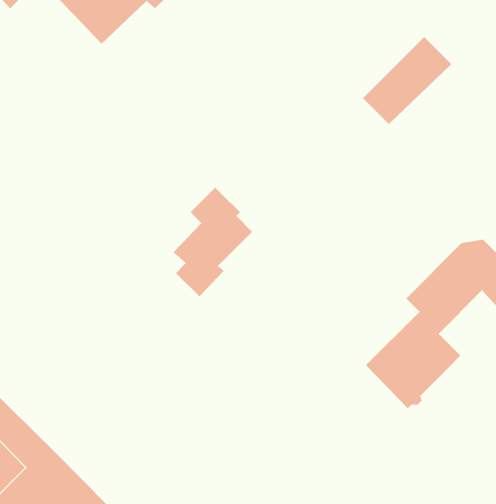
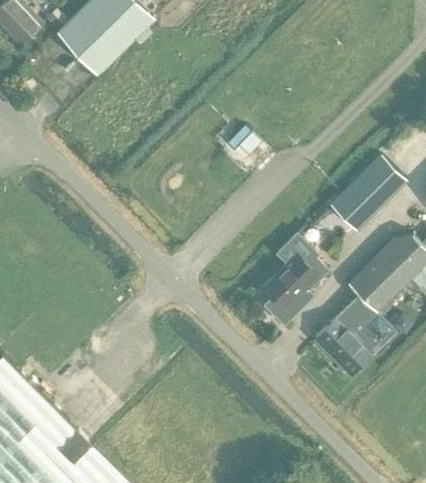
building: [362,36,452,125] -> [331,158,405,231]
building: [173,187,253,297] -> [262,235,329,326]

